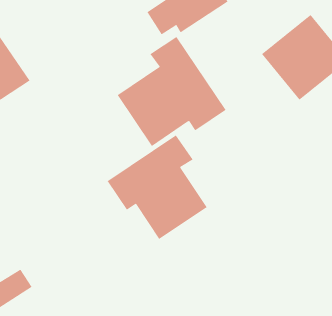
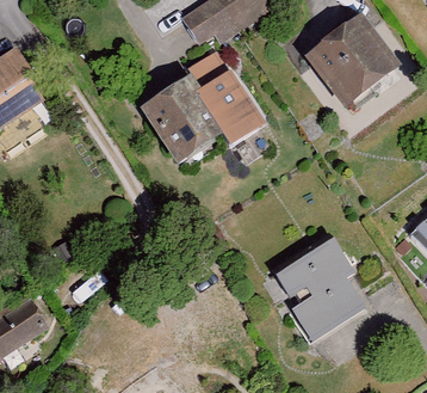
building: [107,134,208,240] -> none
building: none -> [278,244,373,338]

